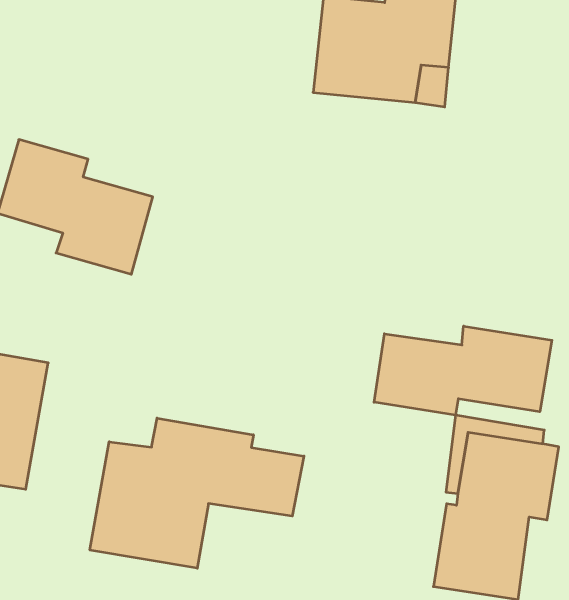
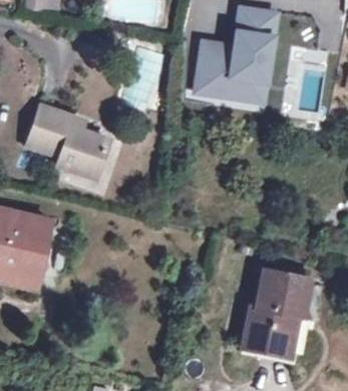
building: [374,326,552,415] -> none
building: [90,418,304,568] -> none

